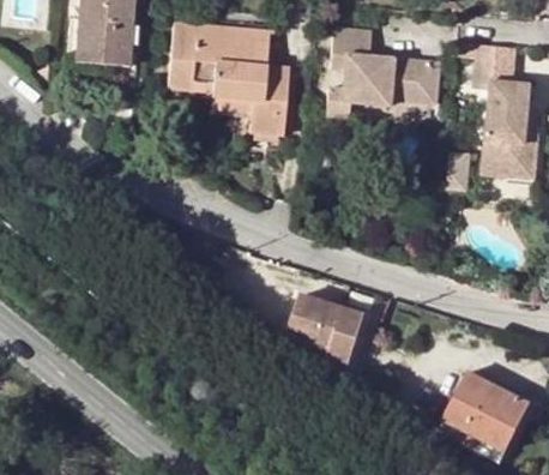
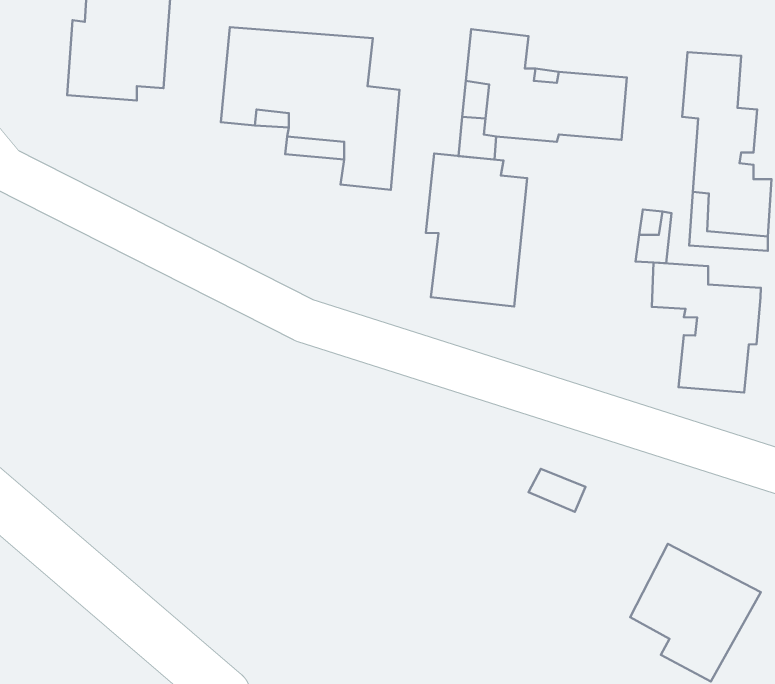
building: none -> [426,154,527,307]
building: none -> [652,263,761,393]
building: [290,297,366,366] -> none

